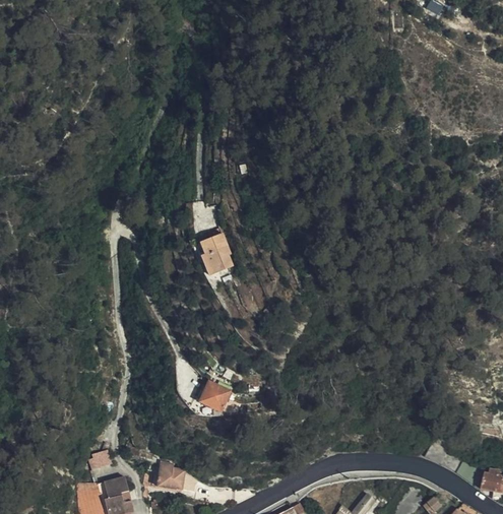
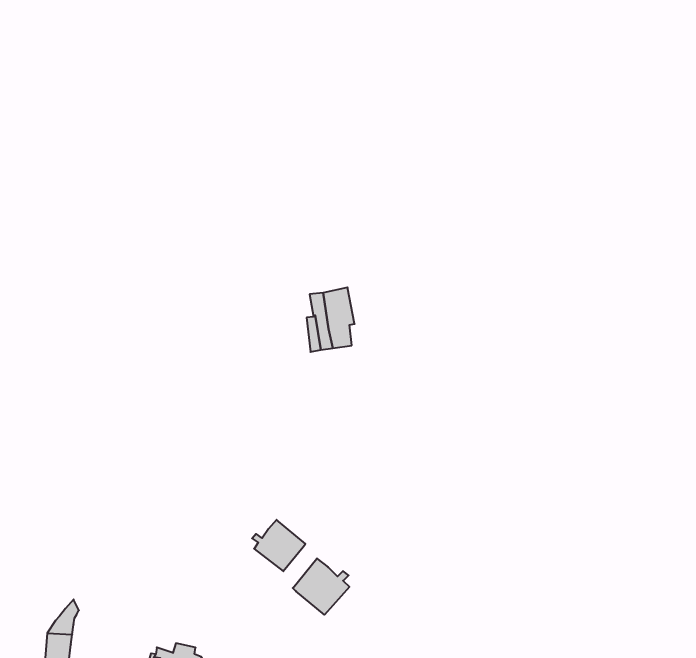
building: none -> [293,558,349,615]

